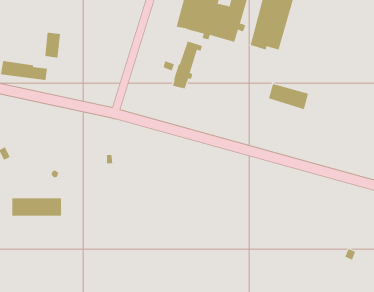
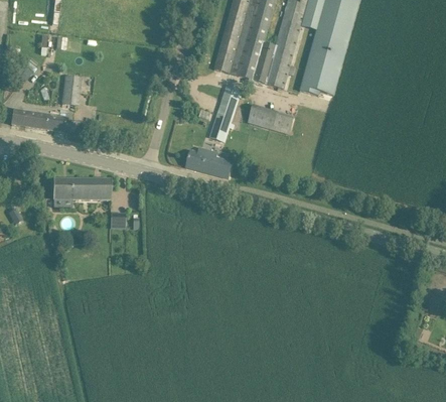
building: [268,83,309,110] -> [247,104,294,135]
building: none -> [185,146,232,177]
building: [11,198,62,216] -> [52,178,111,199]

